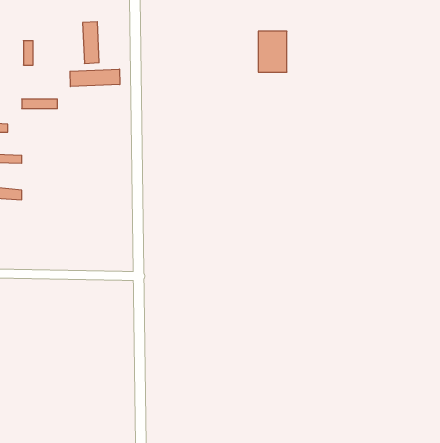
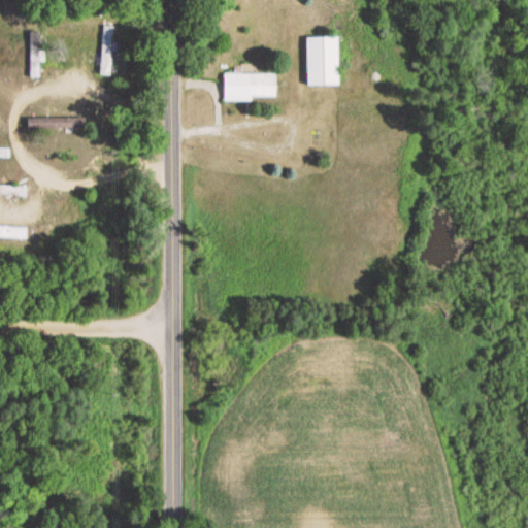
building: none -> [223,72,277,99]
building: [70,69,120,87] -> none

